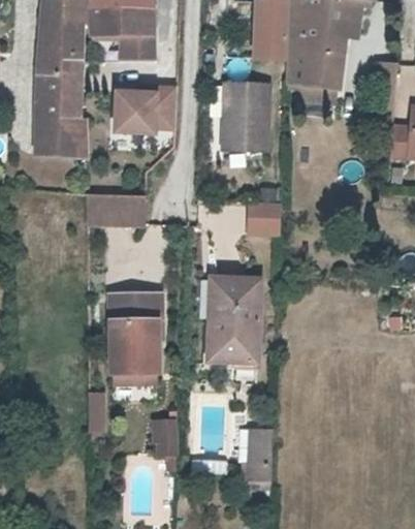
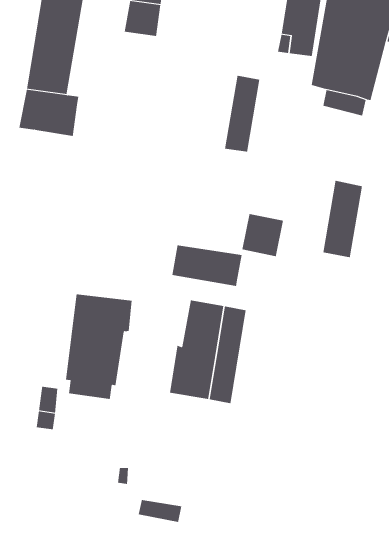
building: [241,84,267,149] -> [322,180,363,258]
building: [114,87,177,132] -> none
building: [89,196,148,225] -> [171,245,243,287]
building: [249,436,272,488] -> none

